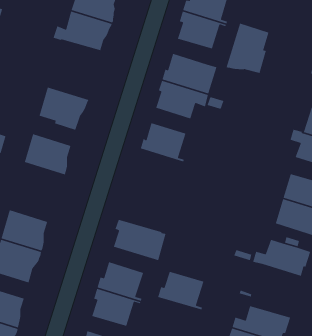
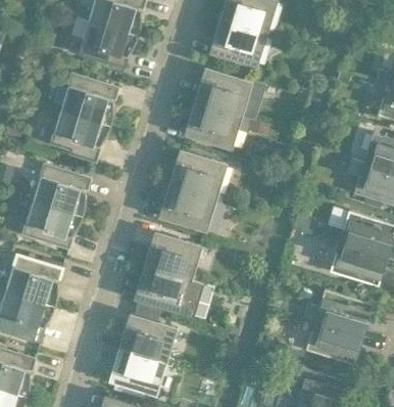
building: [226,23,270,74] -> none
building: none -> [60,74,117,124]
building: none -> [163,182,221,229]
building: none -> [21,198,82,247]
building: none -> [304,319,360,364]
building: [157,271,205,311] -> [144,233,200,280]

